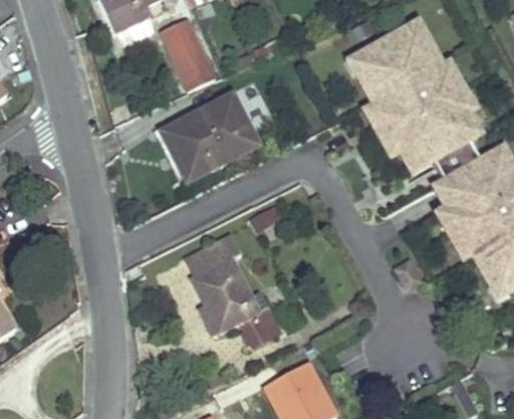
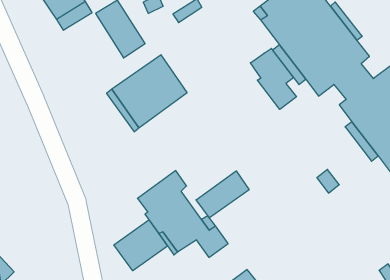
building: none -> [250,48,296,109]
building: none -> [196,171,249,218]
building: none -> [114,220,167,271]

